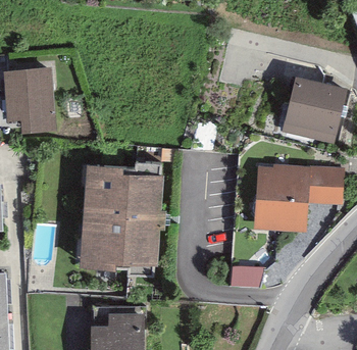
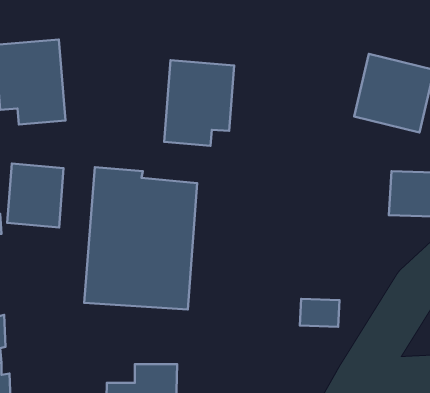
building: none -> [164,60,234,146]
building: none -> [7,163,64,227]
building: [252,164,304,231] -> none

